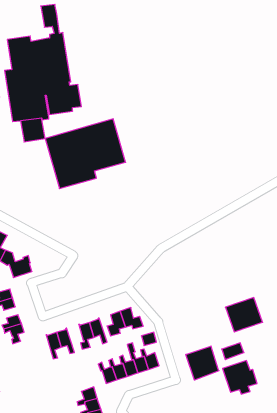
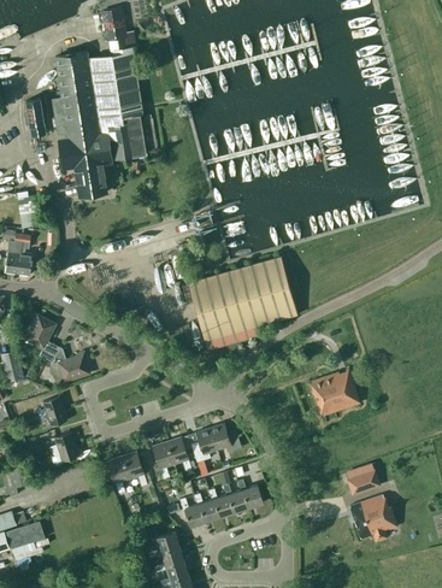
building: [45,119,126,189] -> [188,255,297,351]
building: [225,298,263,332] -> [310,369,360,416]
building: [186,346,219,380] -> none

